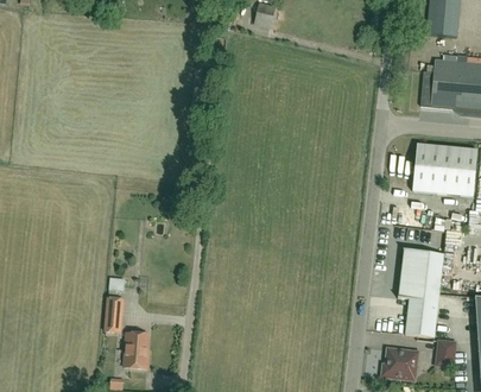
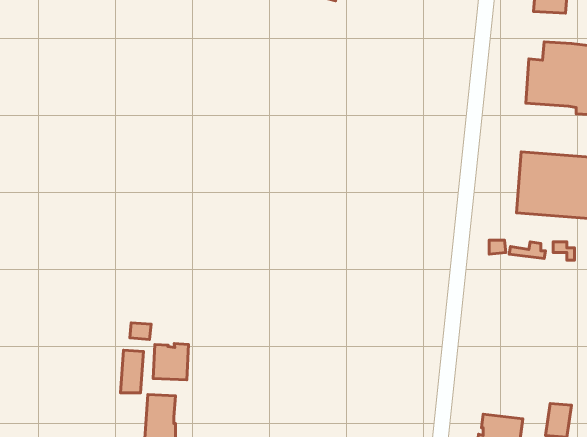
building: [398,248,443,336] -> none
building: none -> [153,344,189,380]

